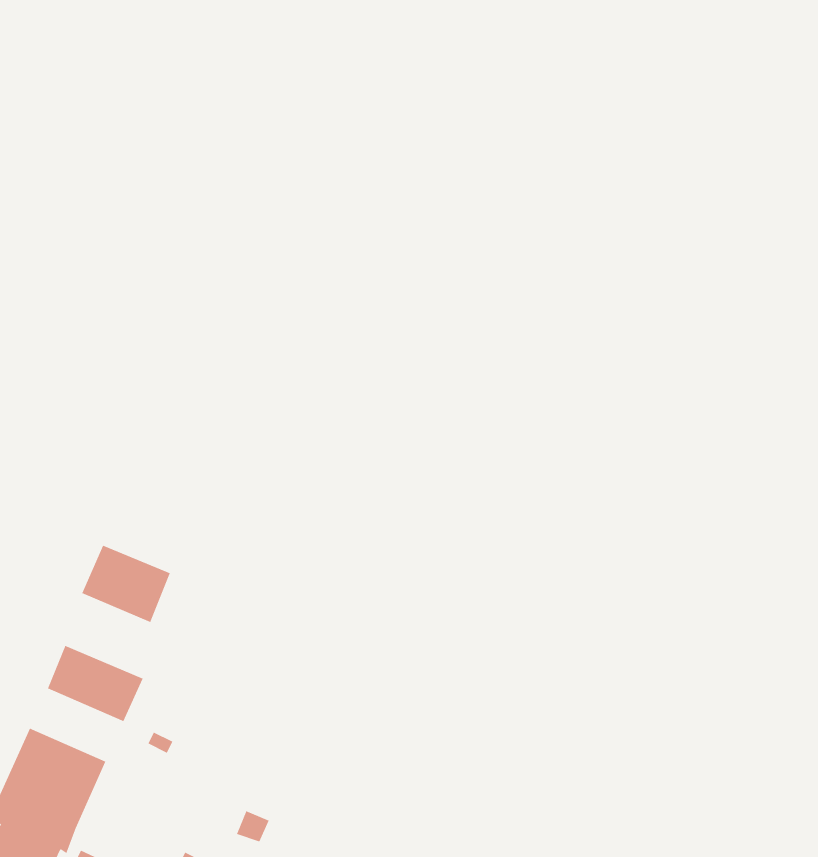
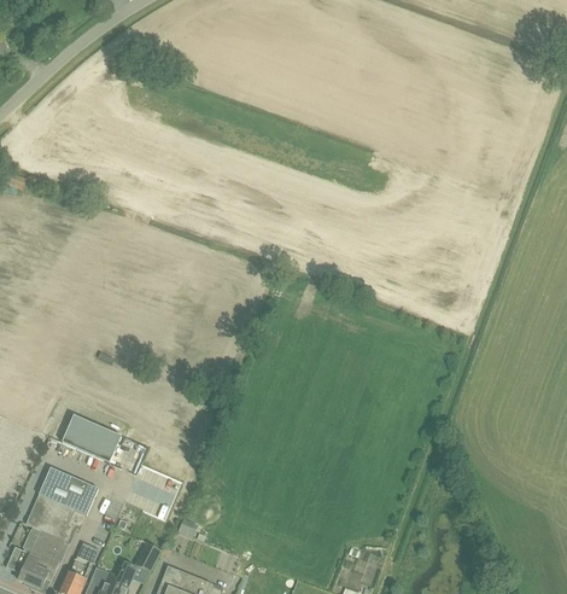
building: [82,545,171,623] -> none

